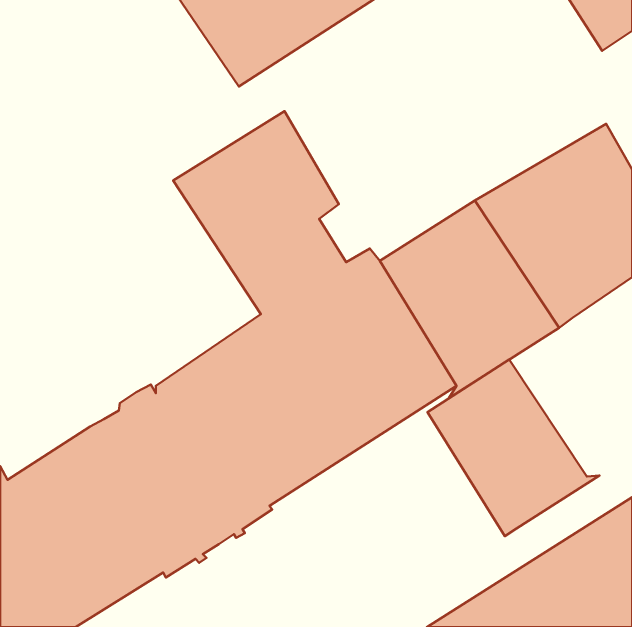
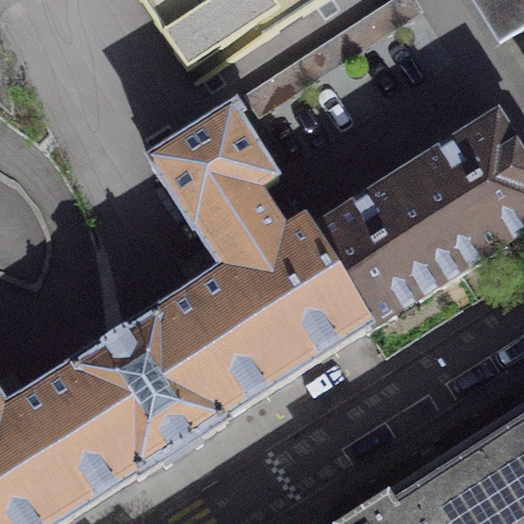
building: [428,360,599,536] -> none

